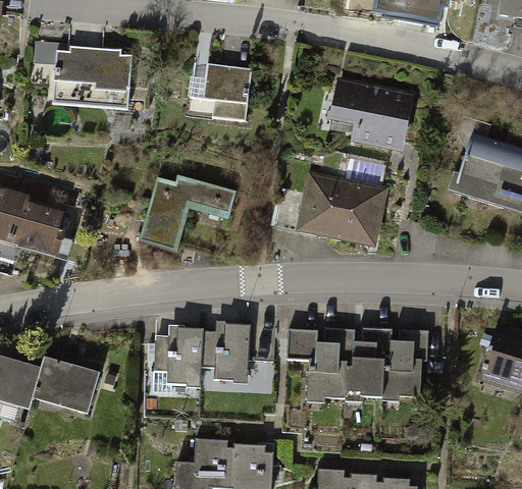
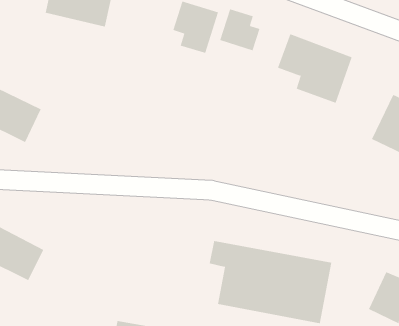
building: none -> [219,8,260,51]
building: [139,170,237,250] -> none
building: [273,170,386,247] -> none
building: [155,324,250,389] -> none

